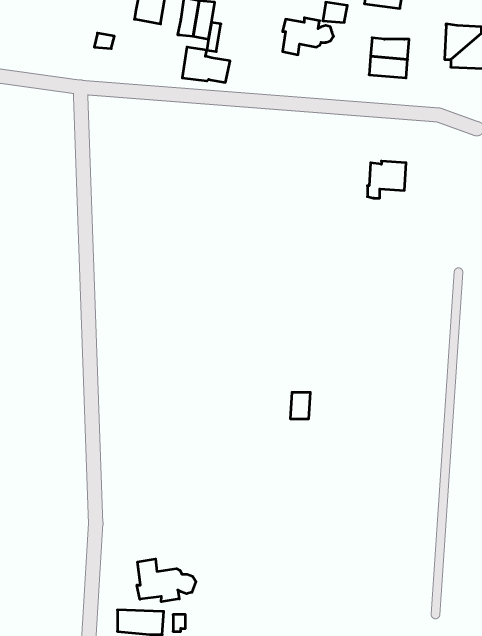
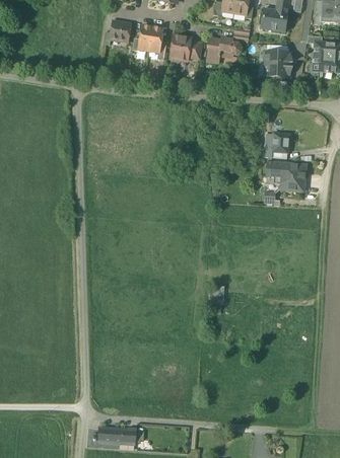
building: [182,47,230,82] -> [171,35,202,59]
building: none -> [266,161,305,190]
building: [137,559,196,602] -> none

